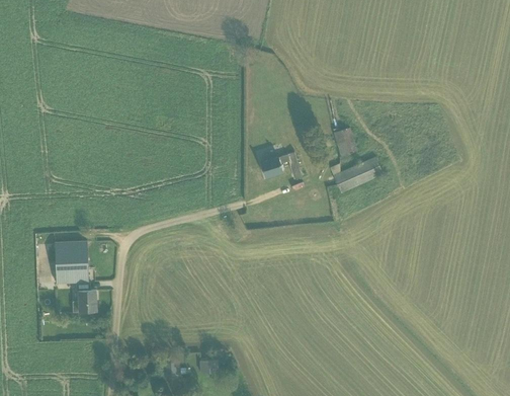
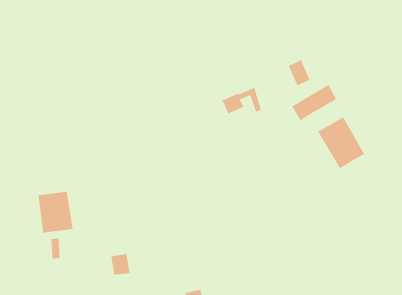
building: none -> [317,116,365,169]
building: [77,289,96,311] -> [110,253,130,276]

